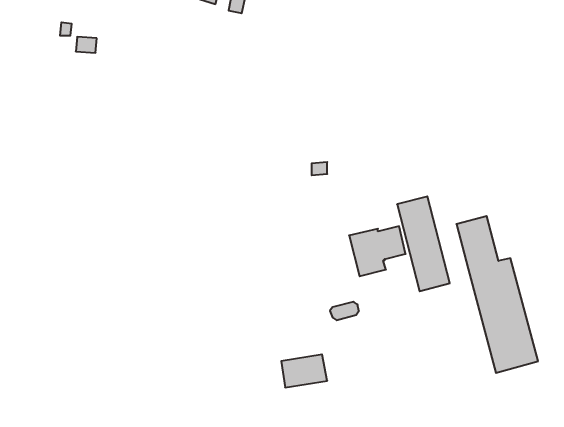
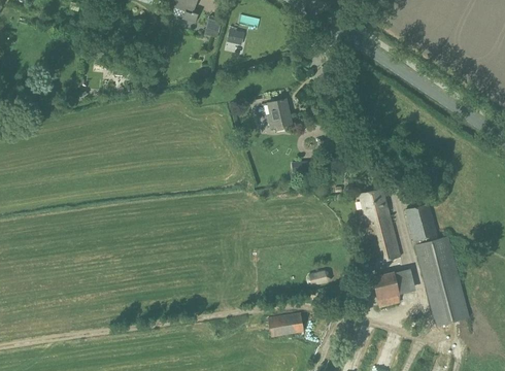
building: none -> [267,98,291,128]
building: [349,226,406,276] -> [371,268,415,307]

